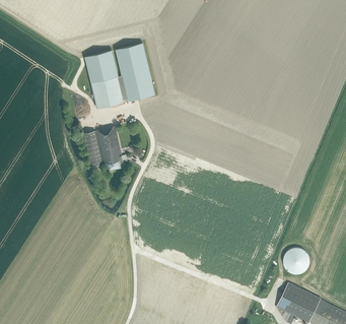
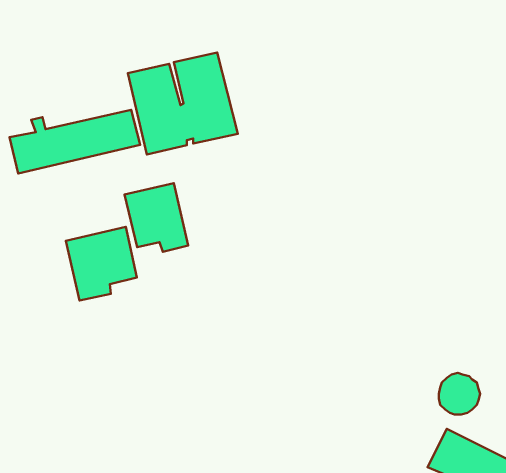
building: none -> [10,110,140,173]
building: none -> [66,227,137,301]

